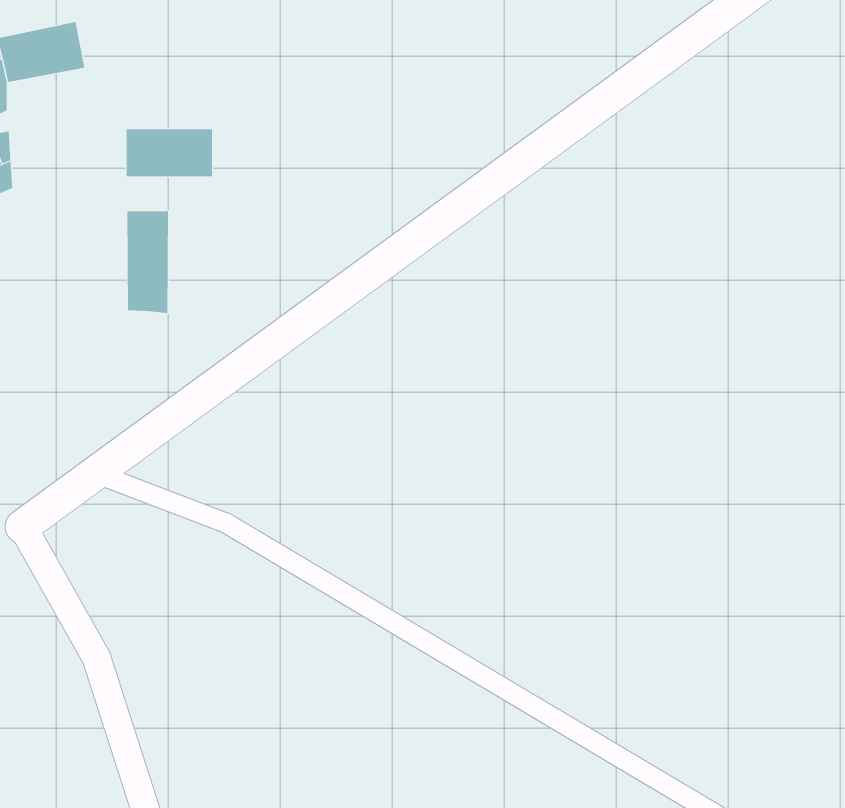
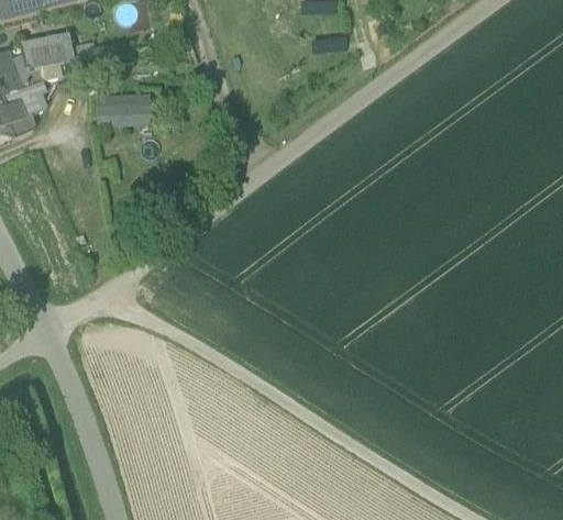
building: [127,211,169,314] -> none

